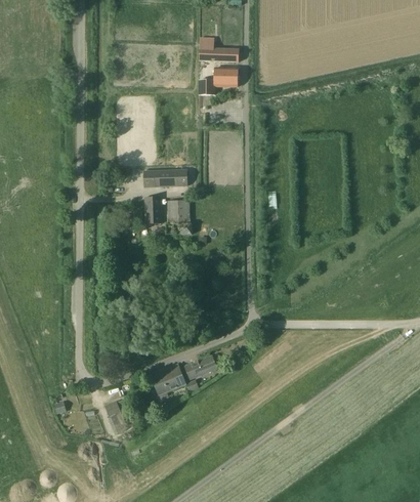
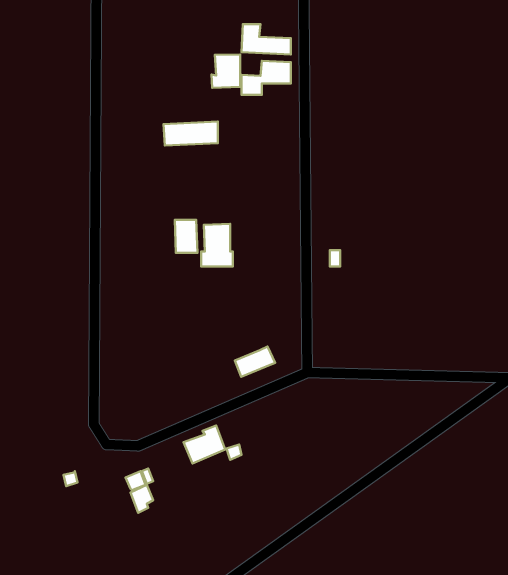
building: none -> [211,55,240,88]
building: [142,168,186,187] -> [163,122,218,146]
building: [184,354,217,379] -> [235,346,275,377]

